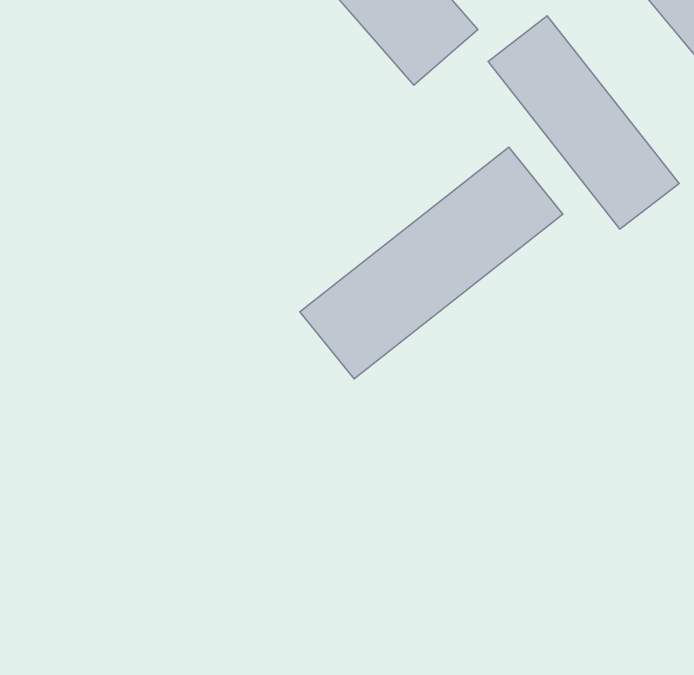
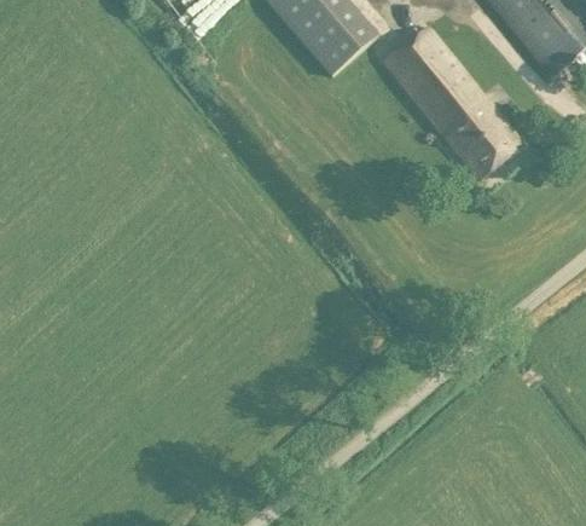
building: [300,147,563,379] -> none

